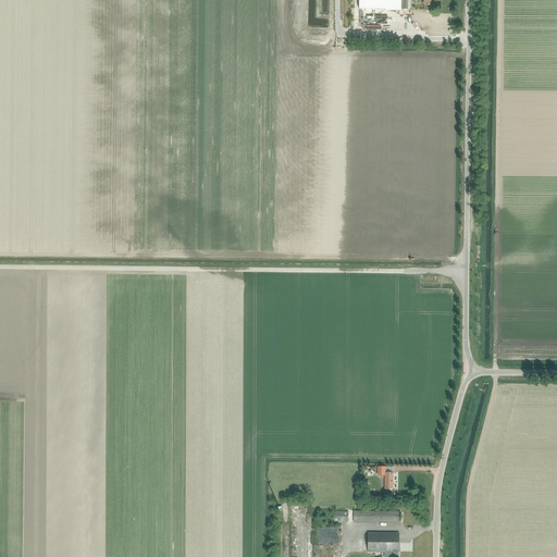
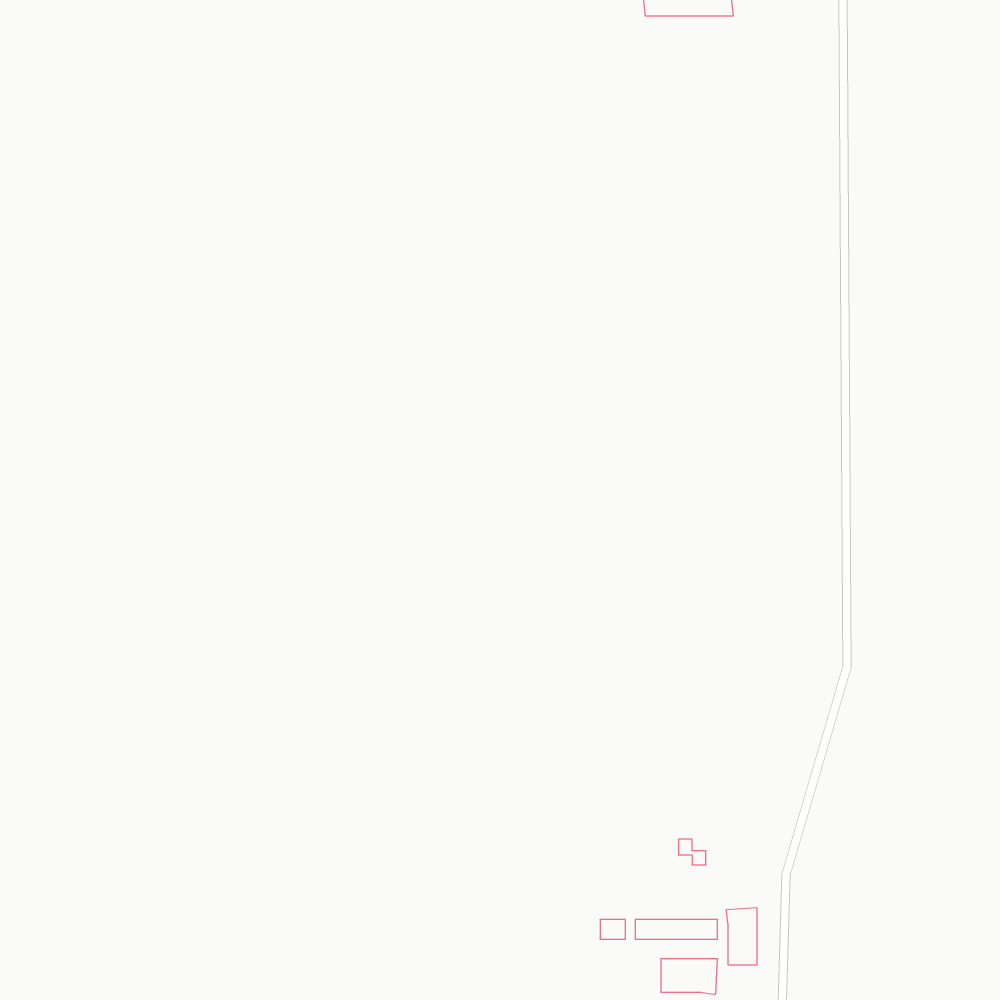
building: none -> [727,908,757,965]

